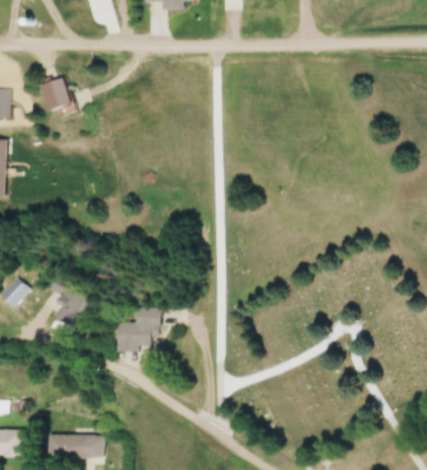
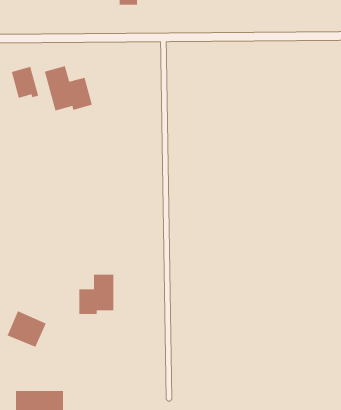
building: none -> [44,65,93,111]
building: [46,286,90,327] -> [6,310,47,348]

